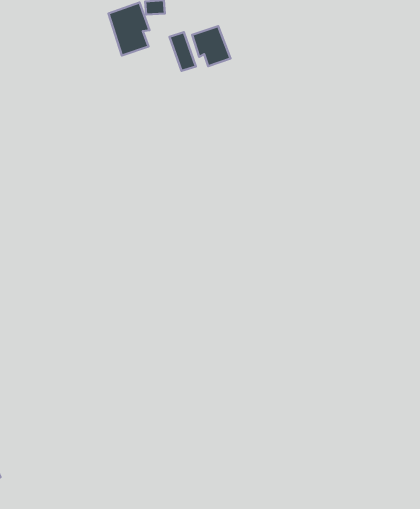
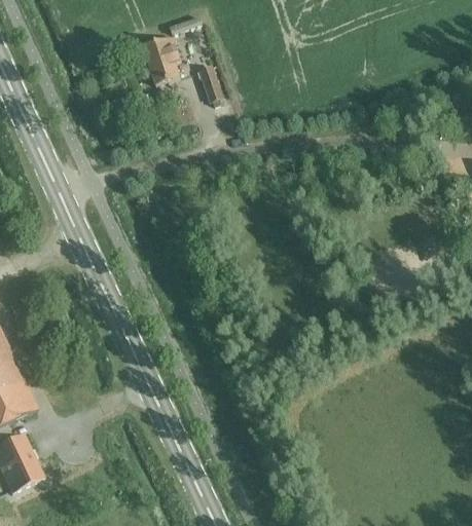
building: [192,26,230,66] -> none

